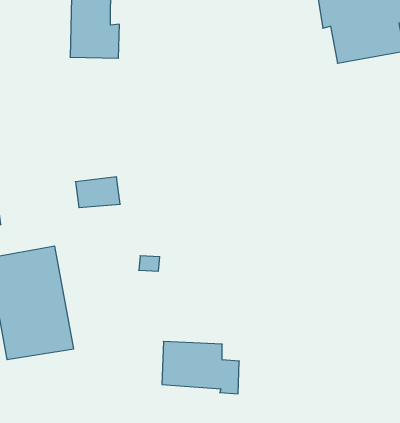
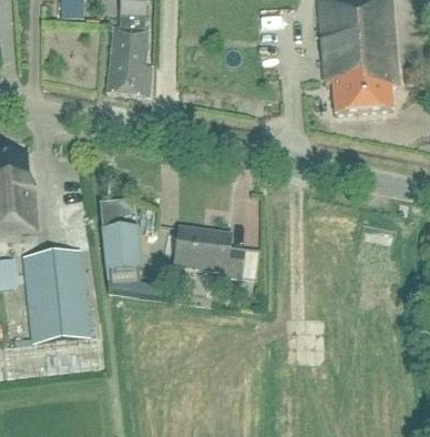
building: none -> [101,223,143,270]
building: [162,341,239,394] -> [175,226,243,276]

